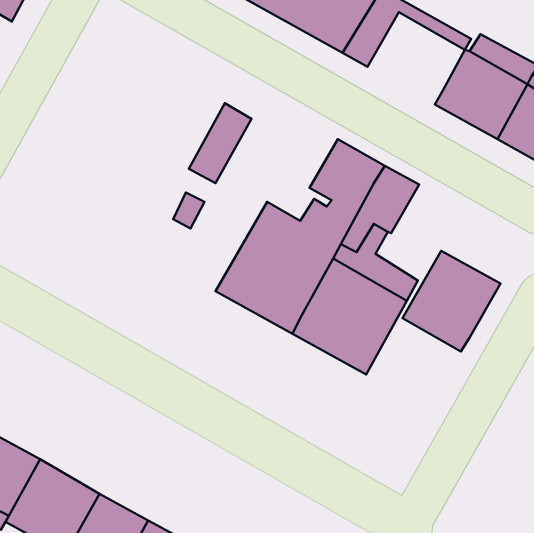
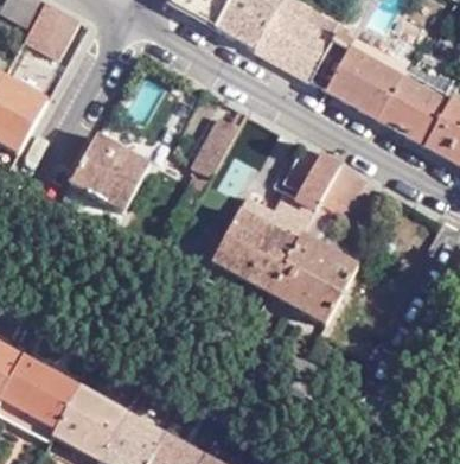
building: none -> [326,49,400,119]
building: none -> [70,134,149,211]
building: [402,251,501,352] -> none

